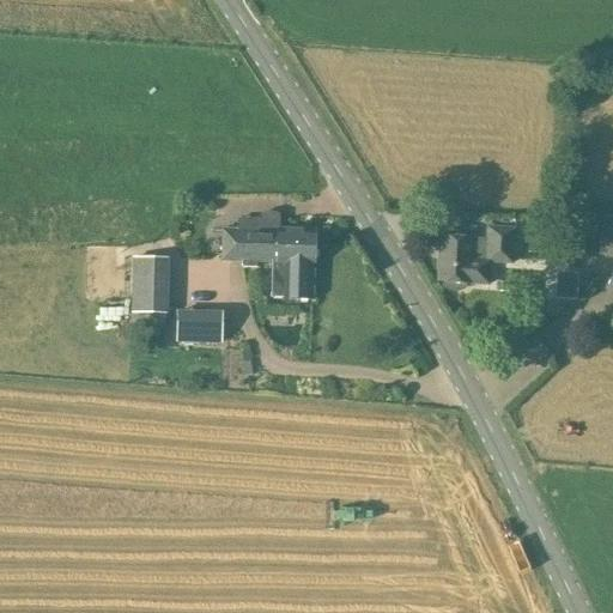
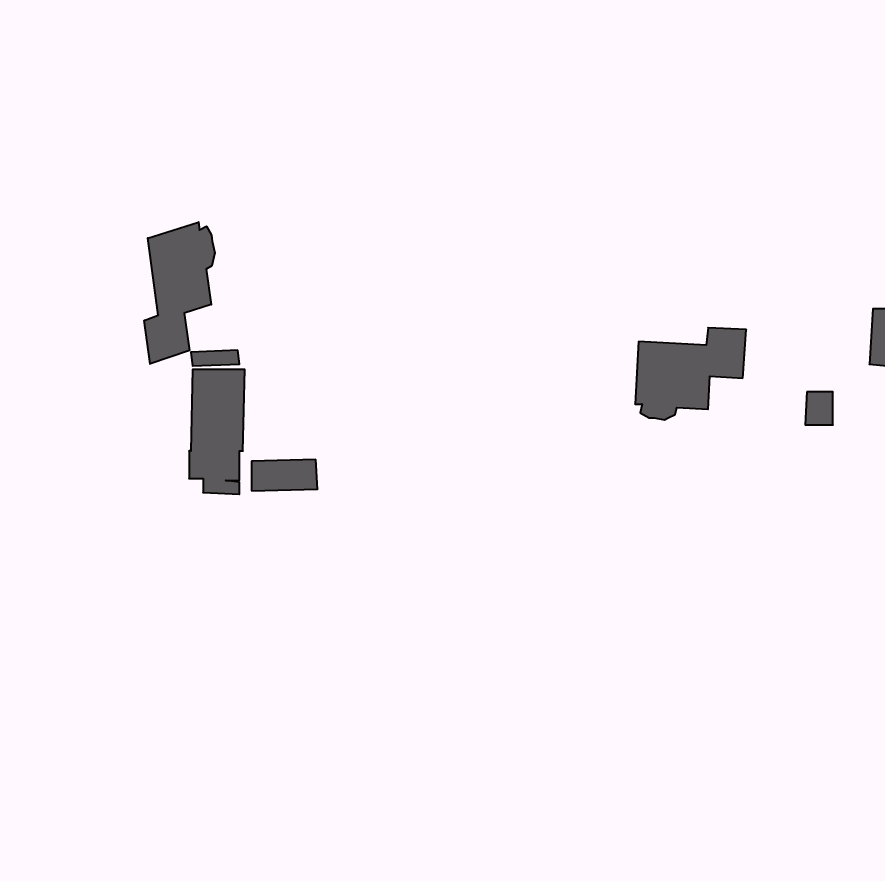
building: none -> [144,222,215,364]
building: [221,208,314,297] -> none

